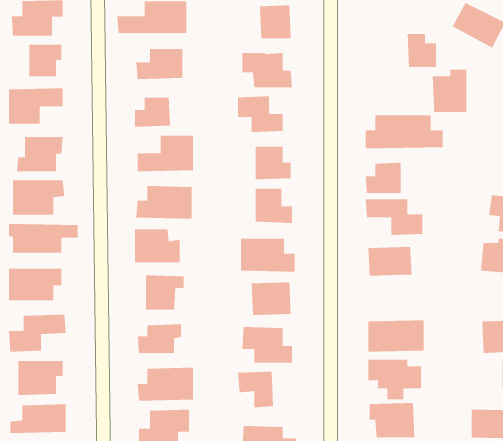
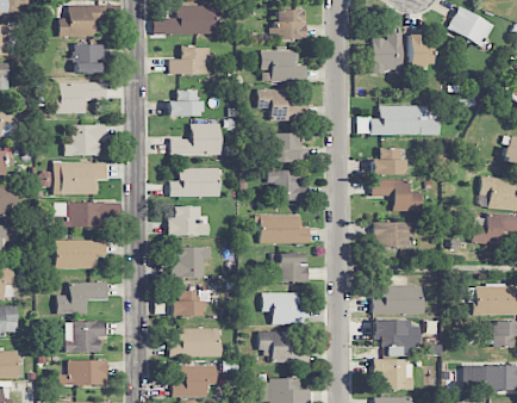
building: [432,69,467,112] -> [372,32,403,70]

